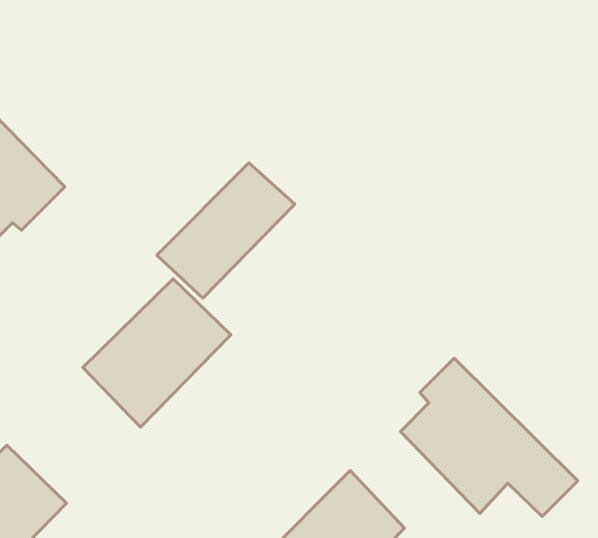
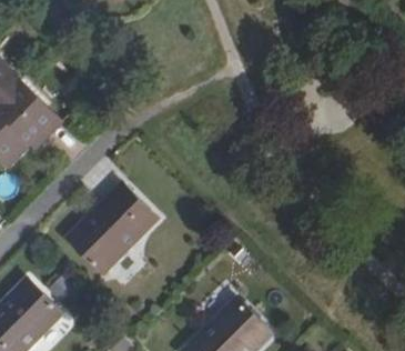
building: [157,163,295,298] -> none
building: [400,358,578,516] -> none

